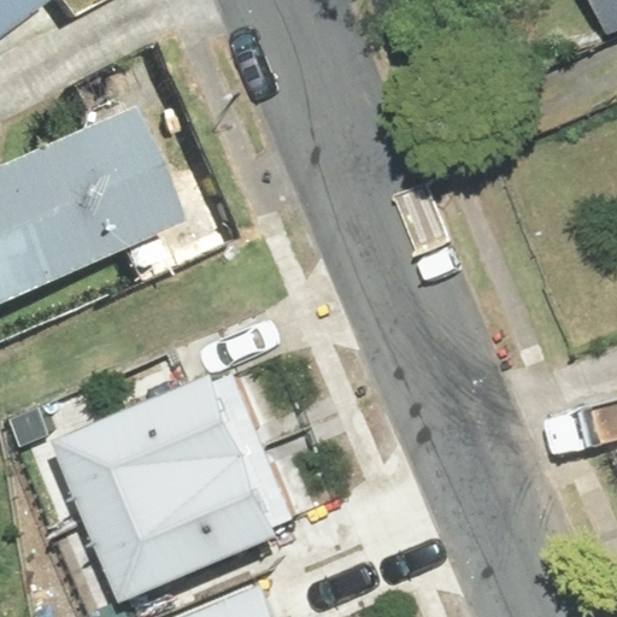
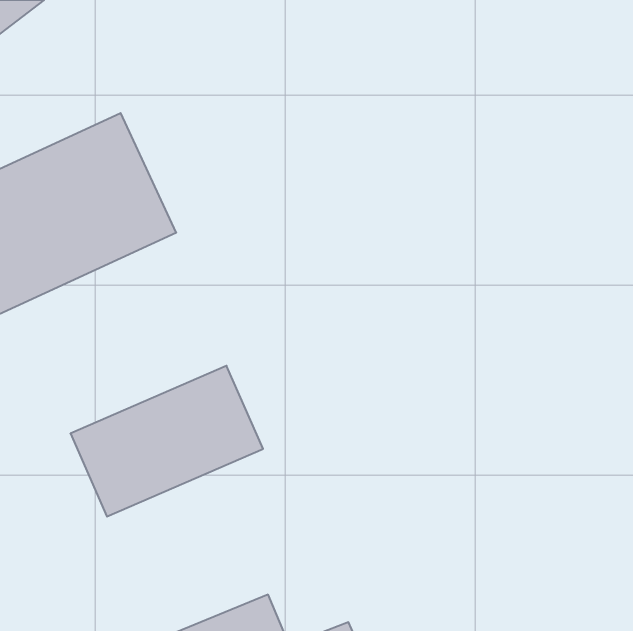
building: [102,441,287,586] -> none

